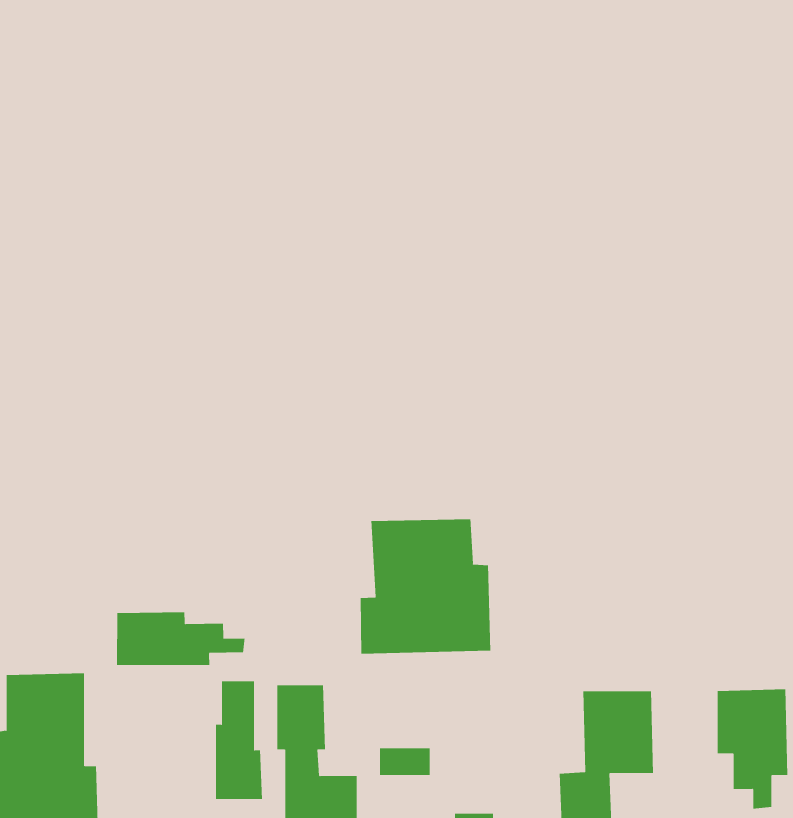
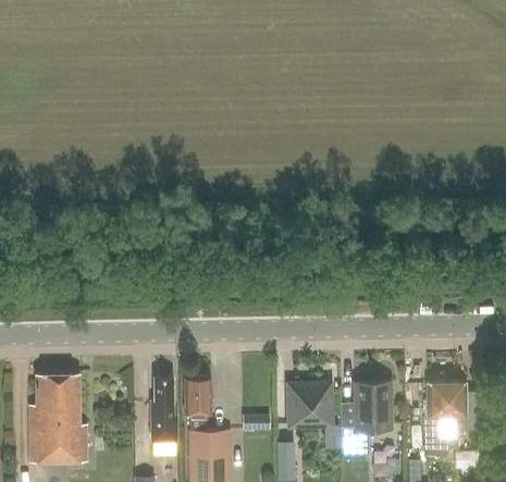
building: [360,518,491,654] -> none
building: [117,611,245,666] -> none
building: none -> [288,384,331,427]

